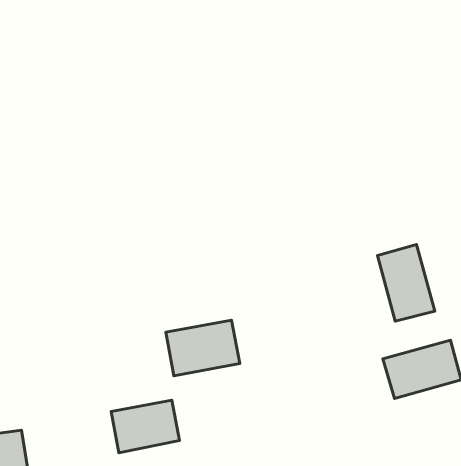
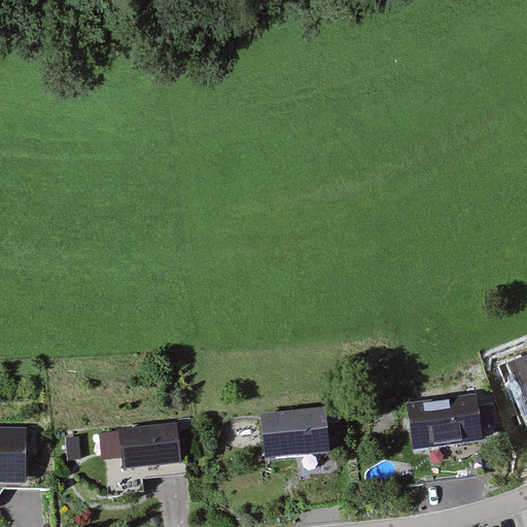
building: [377,244,435,321] -> none
building: [166,320,240,376] -> [261,408,330,455]

